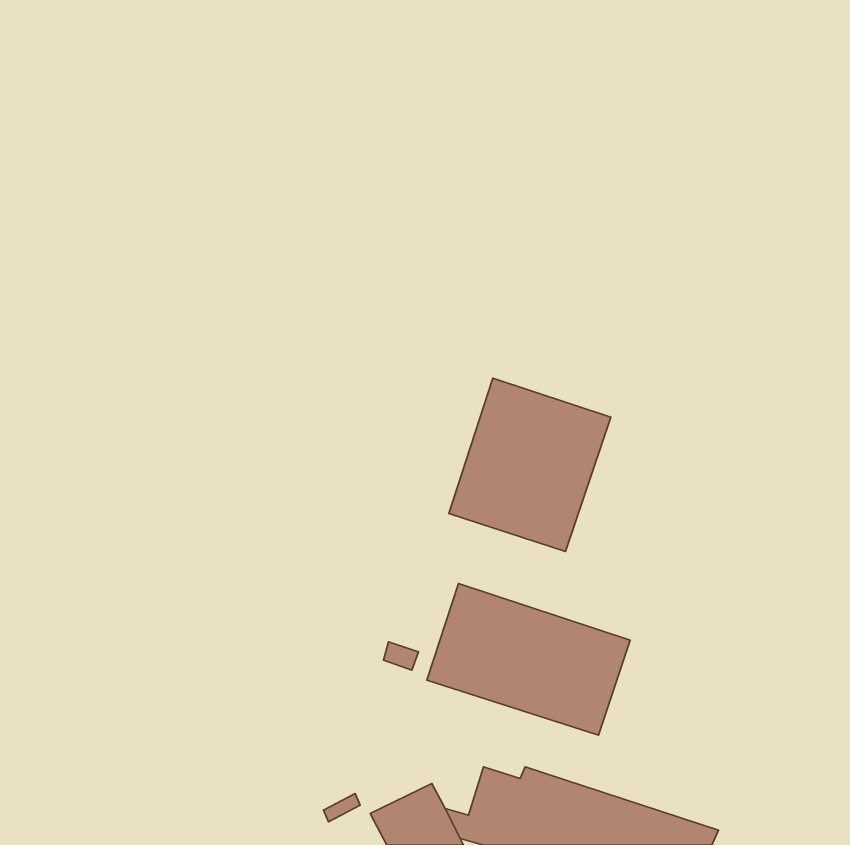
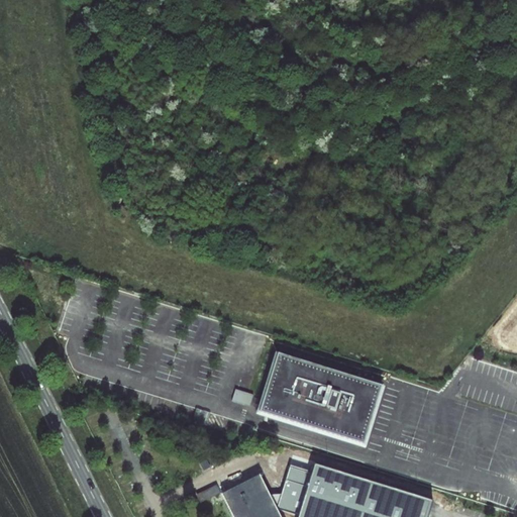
building: [449,378,611,551] -> none

